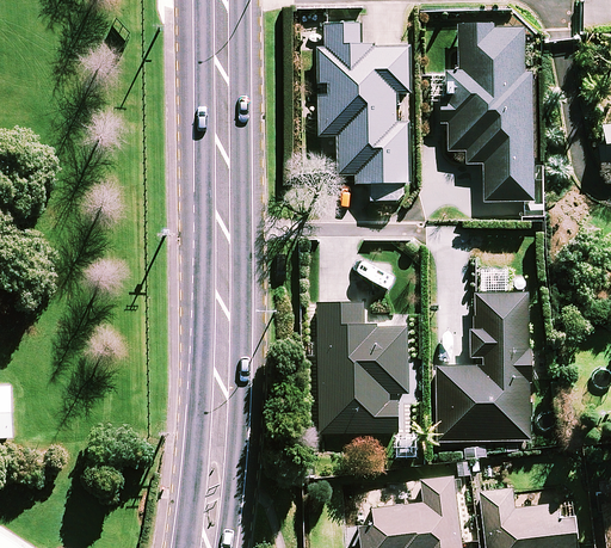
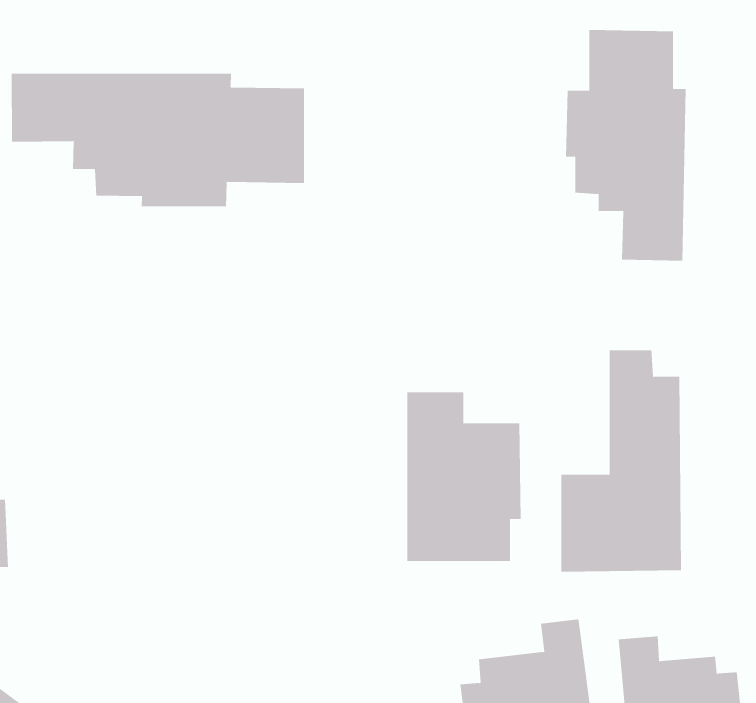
building: [317,21,408,199] -> none
building: none -> [11,73,305,207]

